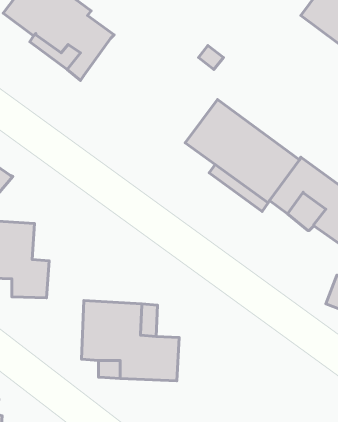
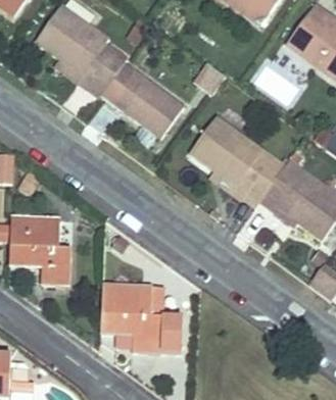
building: none -> [102,61,184,137]

